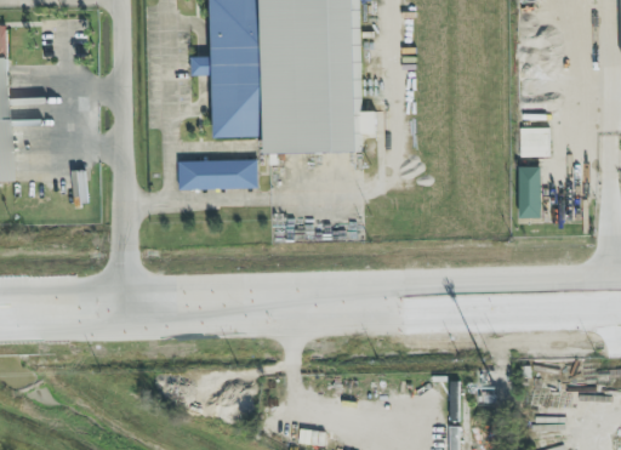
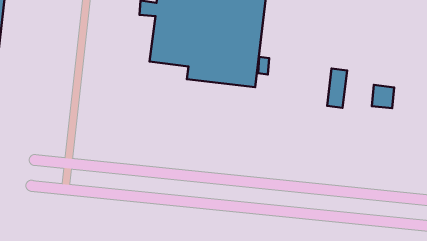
building: [176,159,256,189] -> none
building: [517,166,539,217] -> [327,68,347,108]

